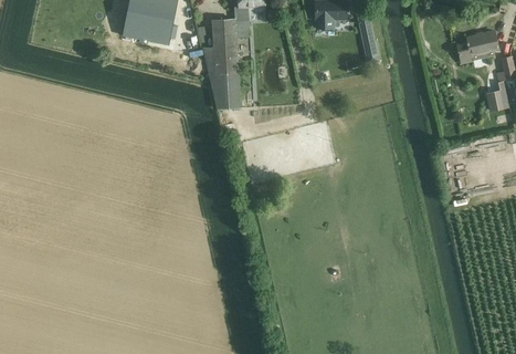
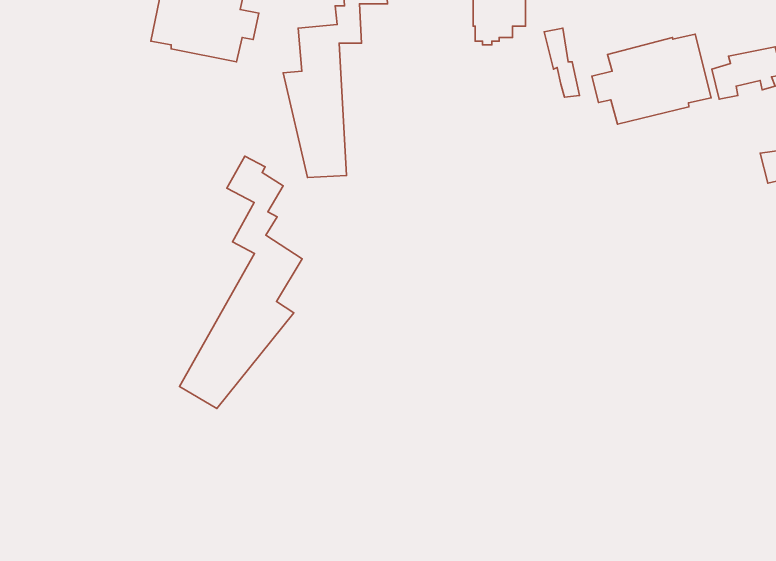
building: none -> [592,34,711,124]
building: none -> [180,156,302,408]

